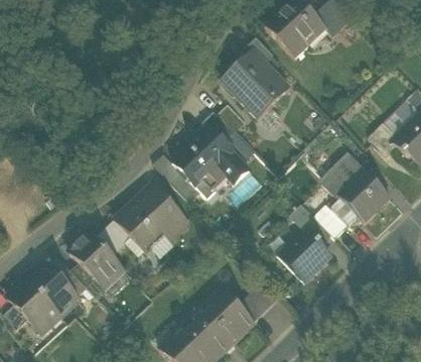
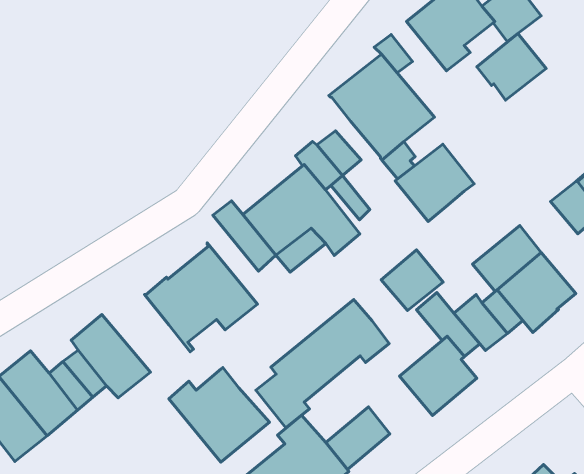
building: none -> [477,33,546,100]
building: none -> [395,144,474,221]
building: none -> [381,250,443,311]
building: none -> [256,299,389,428]
building: [98,218,132,253] -> none
building: none -> [169,368,269,462]

